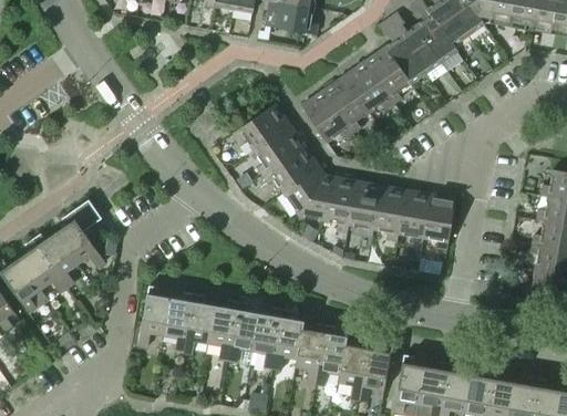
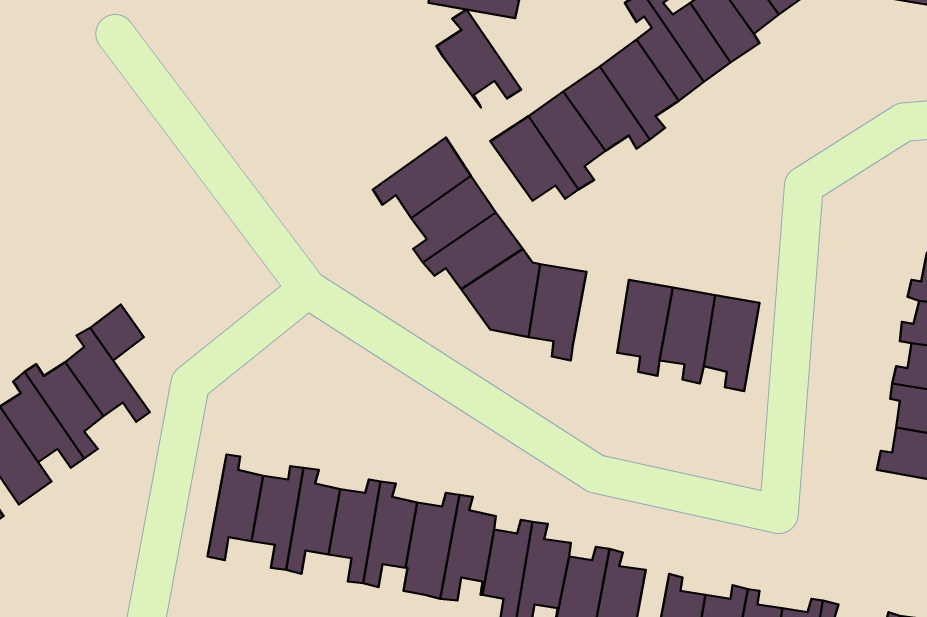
building: none -> [436,10,521,107]
building: [349,181,381,237] -> none

